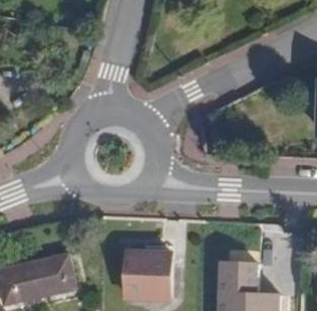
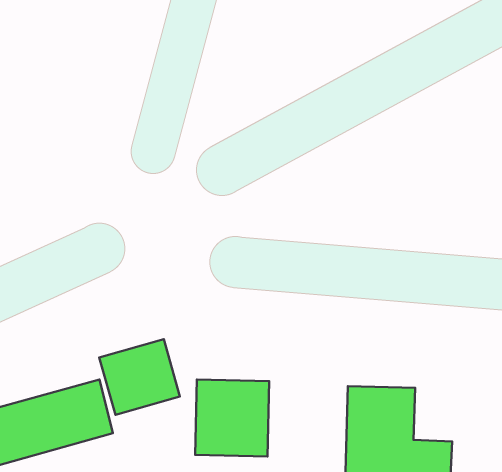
building: none -> [99,339,180,415]

